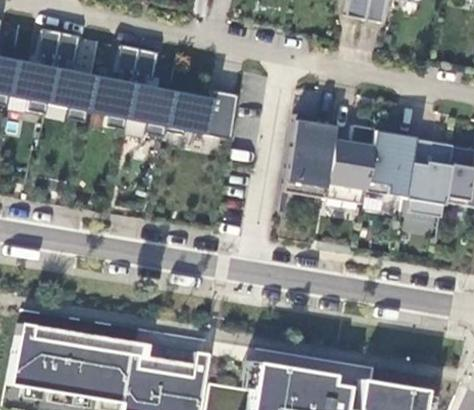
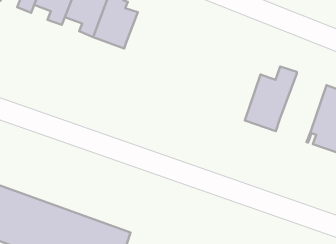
building: [166,90,236,138] -> none
building: [284,113,336,198] -> none
building: [365,130,415,196] -> none

